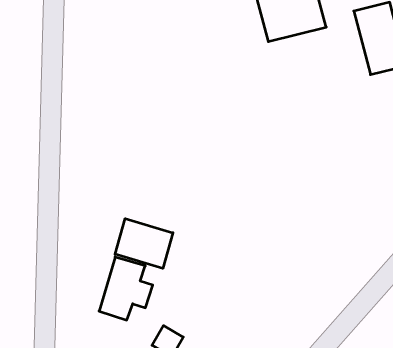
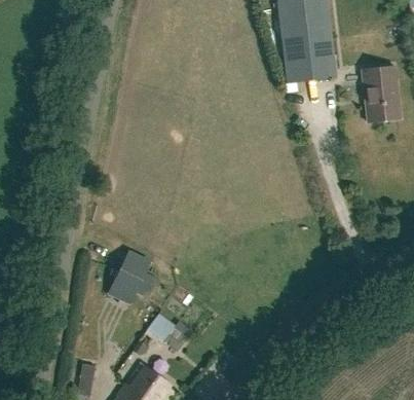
building: [115,219,173,268] -> none

